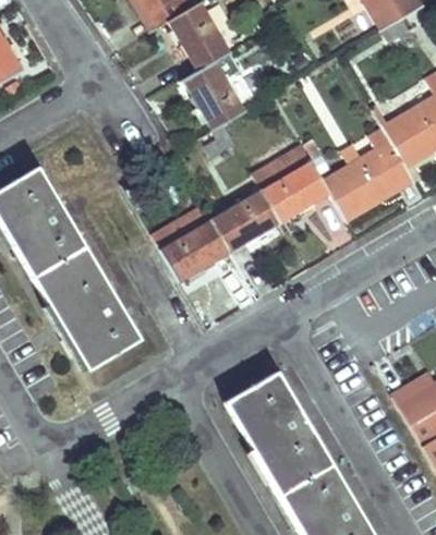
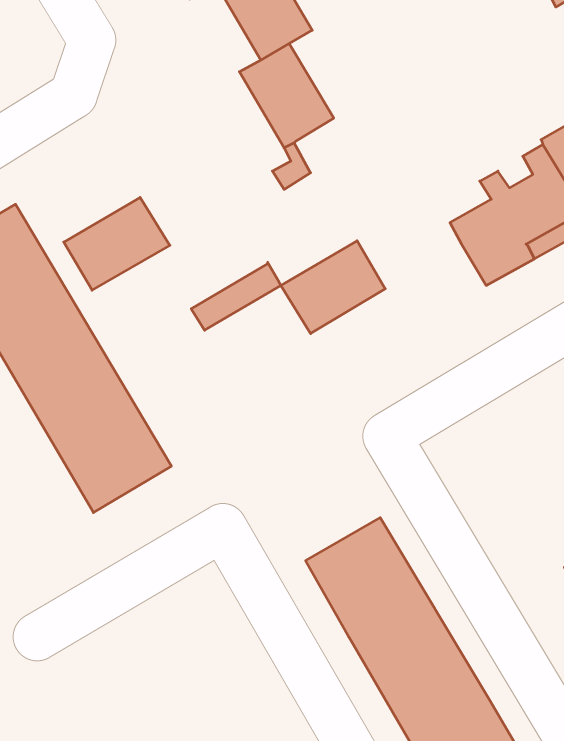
building: [251,146,329,222] -> none
building: [160,220,230,281] -> [64,197,170,290]

